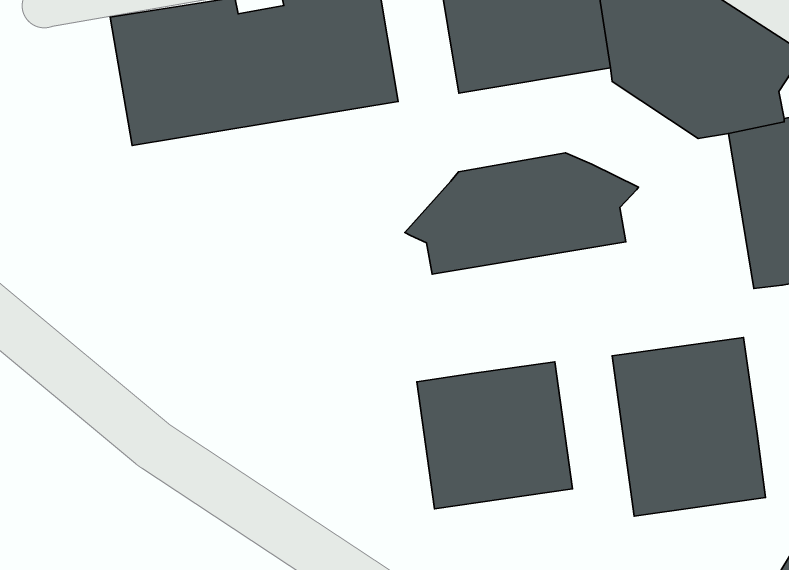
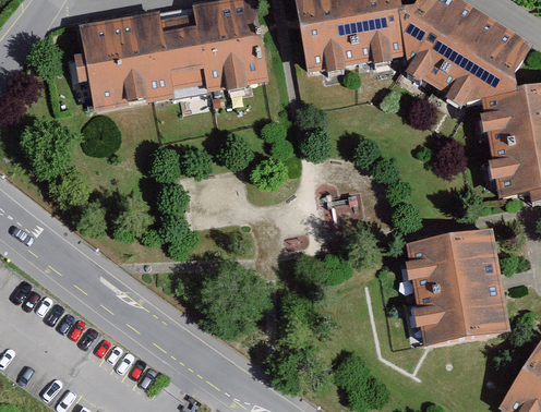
building: [405,153,638,274] -> none
building: [417,362,573,509] -> none

